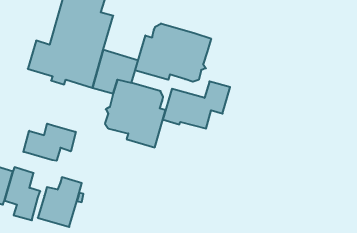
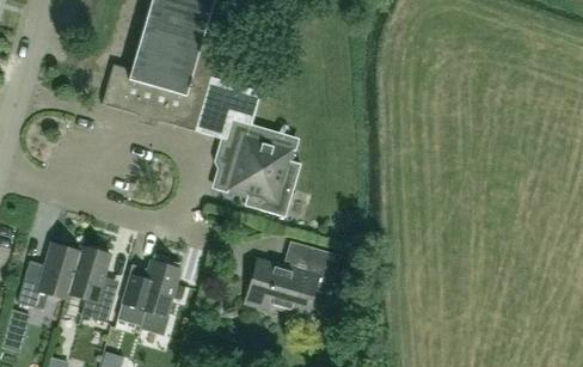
building: [135,23,211,82] -> none
building: [163,81,230,129] -> [244,246,340,314]
building: [23,124,76,161] -> none

